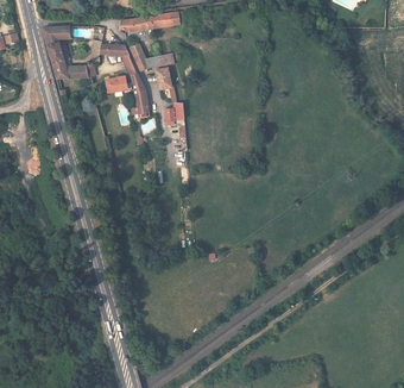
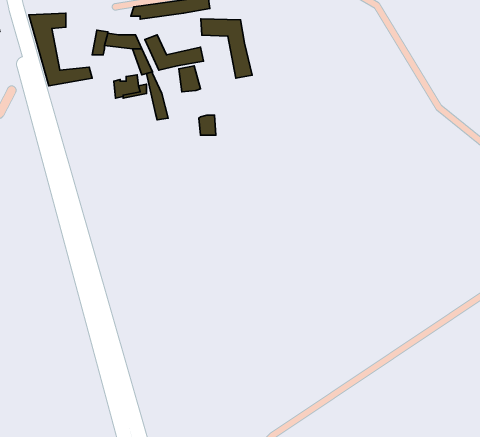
building: none -> [201,19,252,78]

